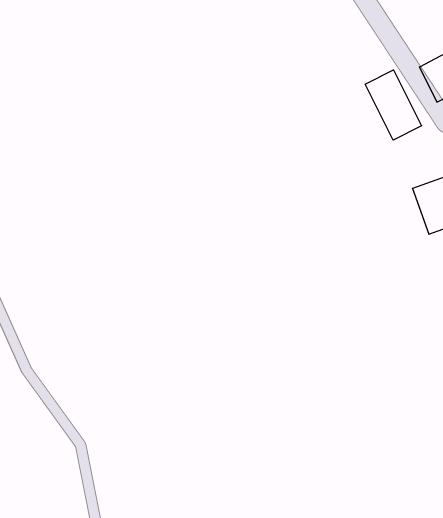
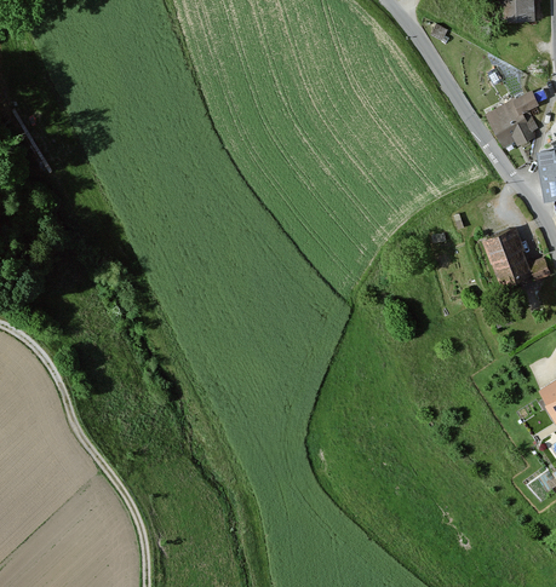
building: [365,70,422,140] -> none

